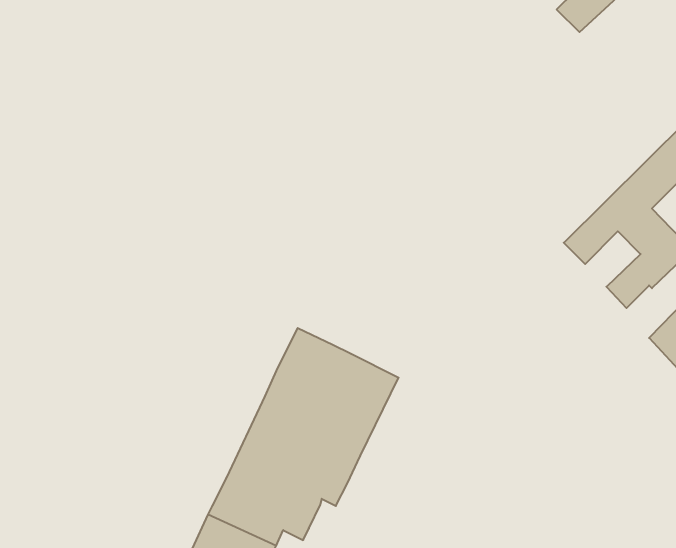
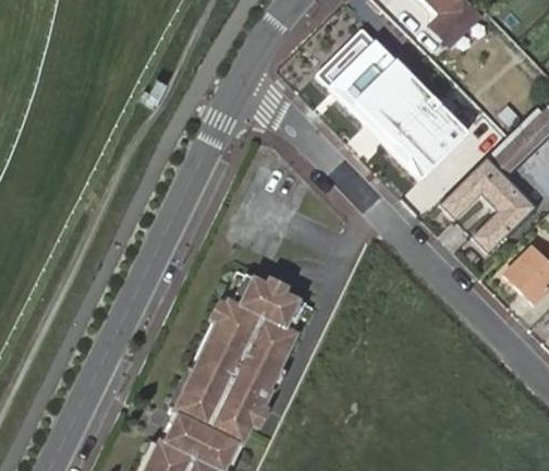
building: none -> [318,33,464,181]

